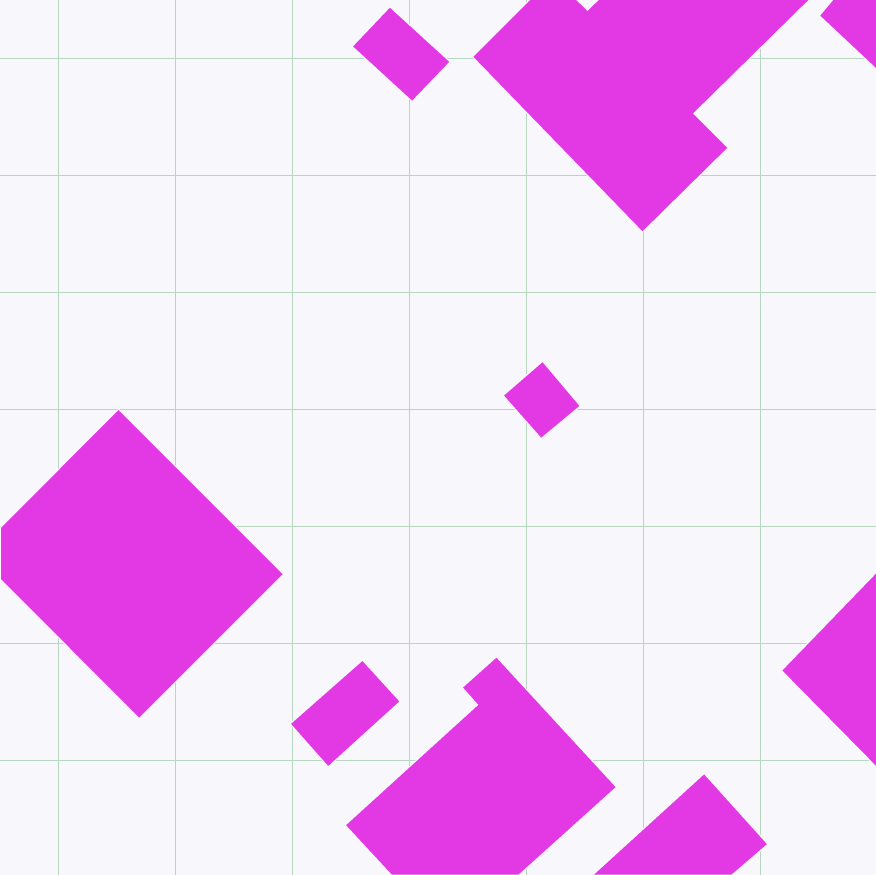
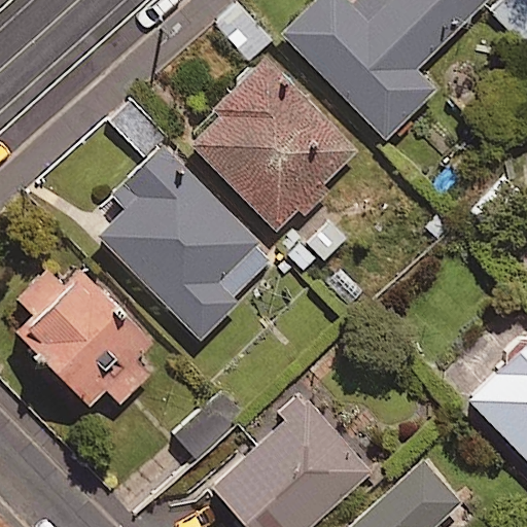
building: none -> [184,61,356,232]
building: none -> [101,149,270,341]

